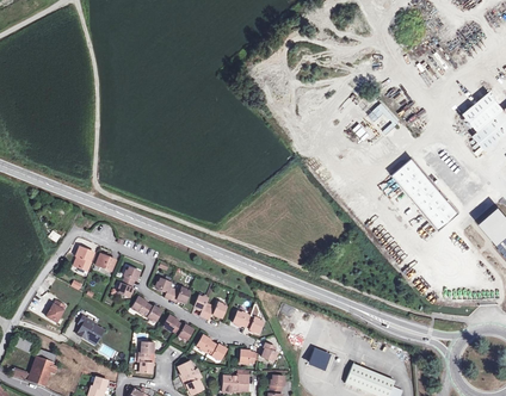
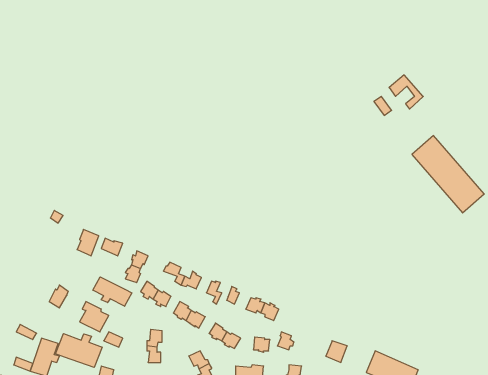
building: none -> [93,277,132,306]
building: none -> [56,334,102,367]

